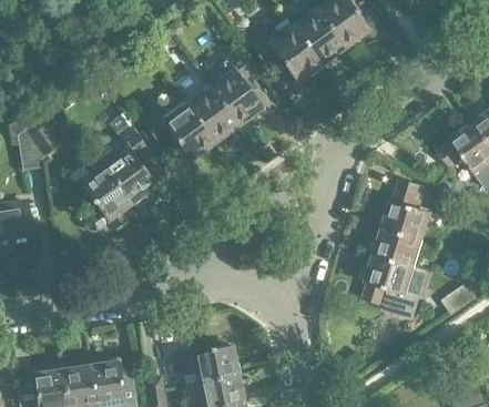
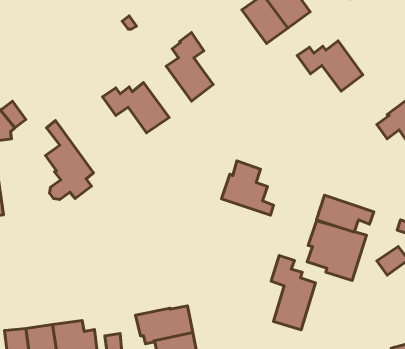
building: [248,26,319,80] -> [297,41,363,91]
building: [186,82,238,142] -> none
building: [91,116,155,202] -> none
building: [383,185,439,244] -> [221,161,274,215]
building: none -> [271,255,316,330]

